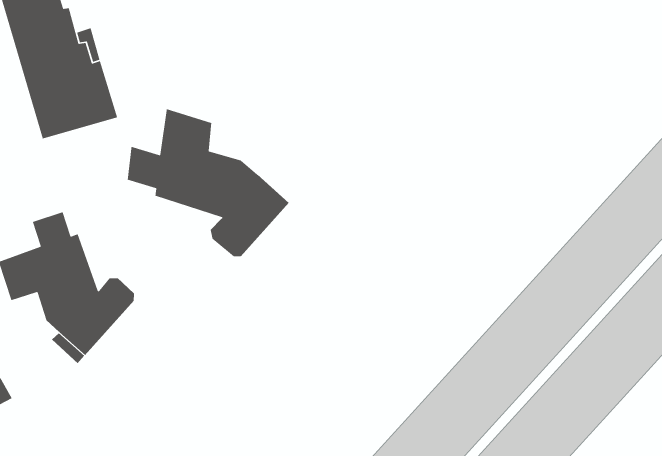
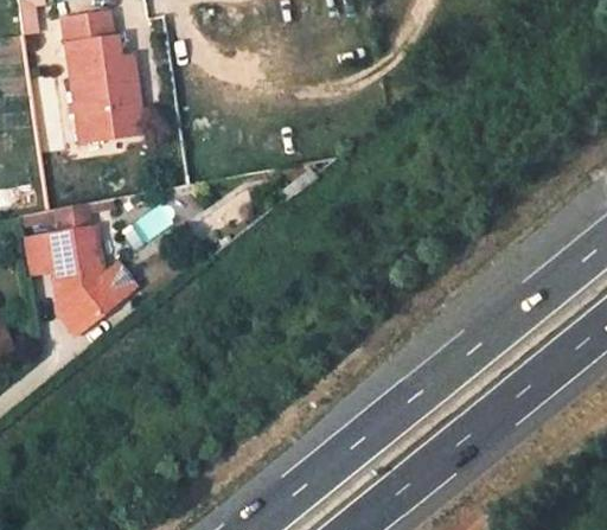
building: [127,108,289,257] -> none

